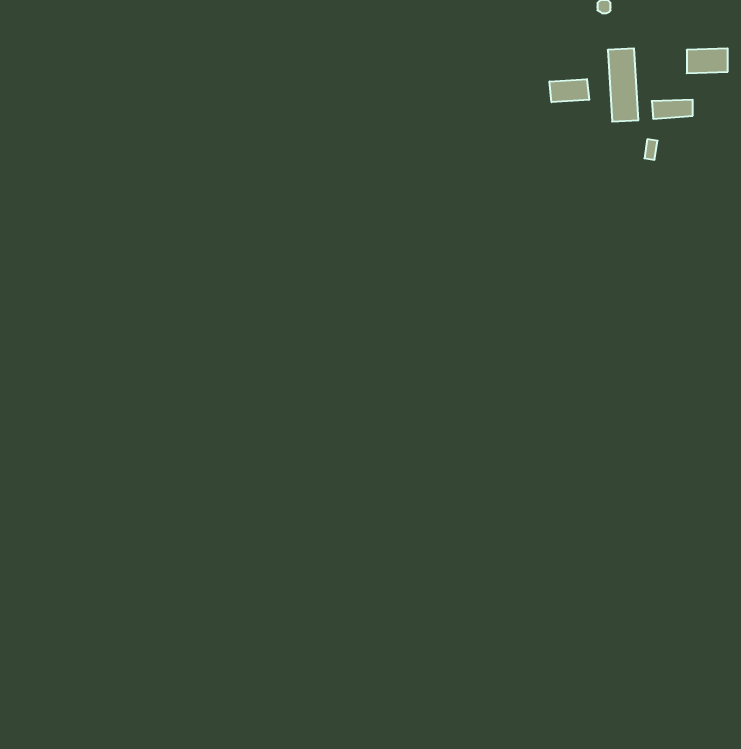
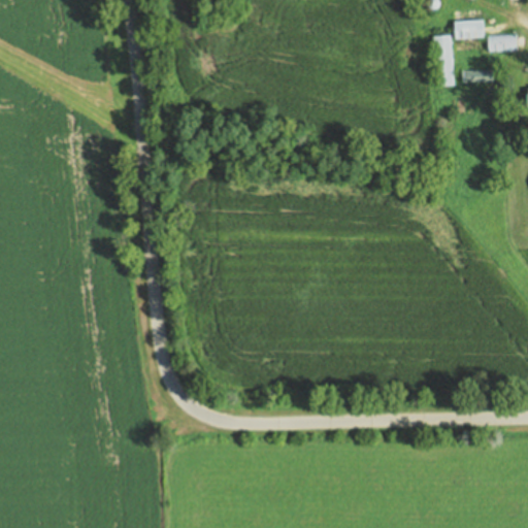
building: none -> [455,20,485,38]
building: [550,79,589,102] -> none

